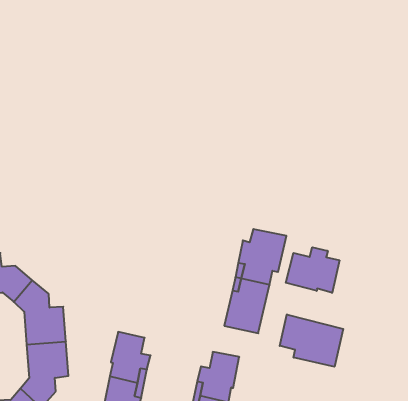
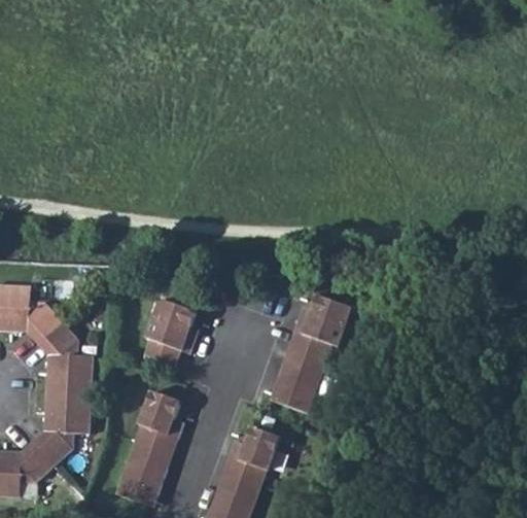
building: [286,247,339,293] -> none
building: none -> [143,299,196,366]
building: [280,314,343,367] -> none

